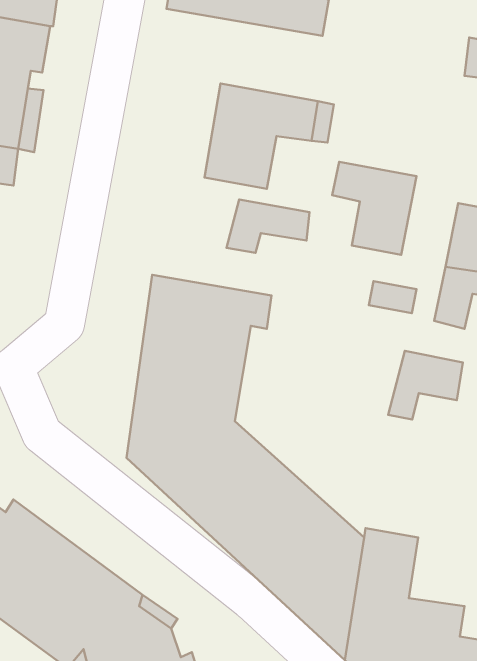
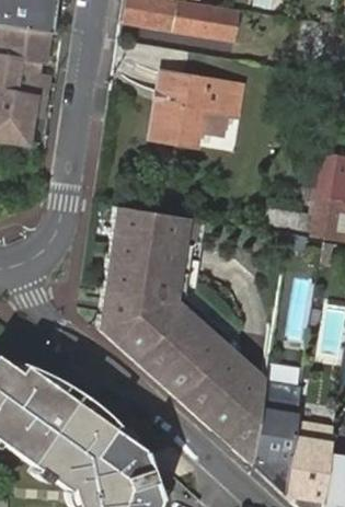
building: [332,162,417,255] -> none
building: [227,200,309,253] -> none
building: [388,351,463,420] -> none

